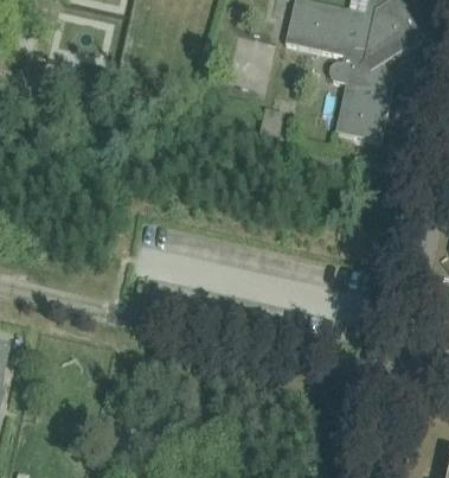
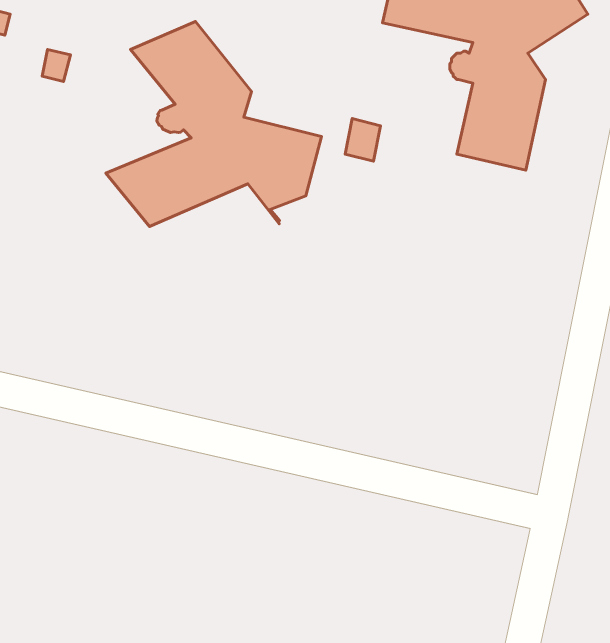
building: none -> [106,22,322,227]

